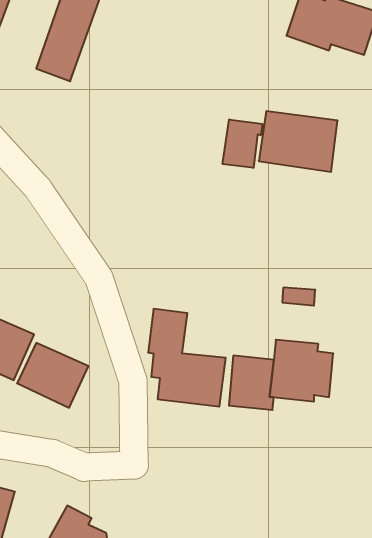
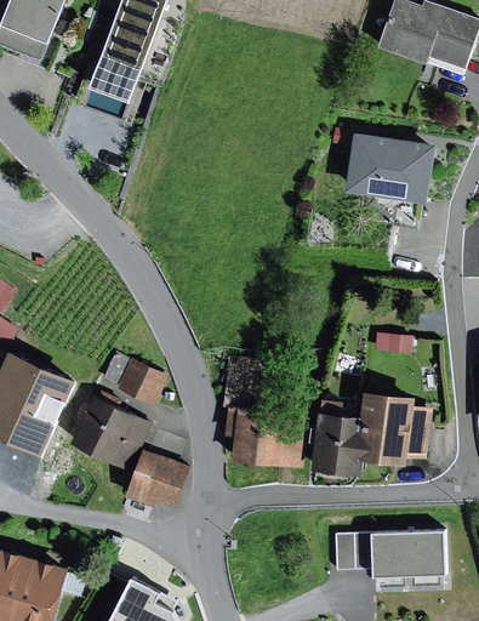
building: [223,119,262,168] -> none
building: none -> [115,359,166,405]
building: none -> [125,449,190,507]
building: none -> [332,529,446,579]

